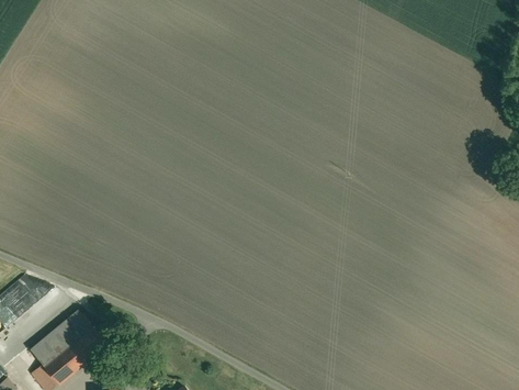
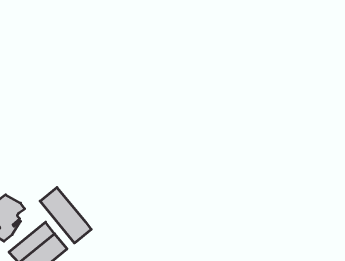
building: none -> [40,187,91,243]

